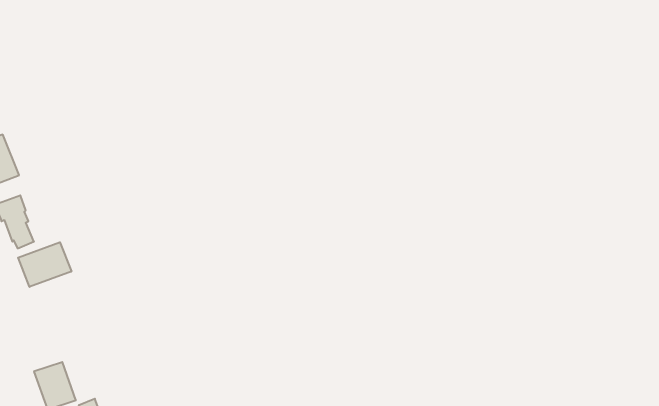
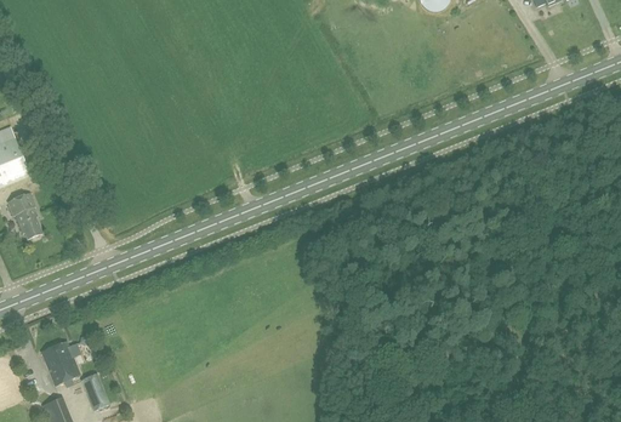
building: [18,242,71,287] -> none

